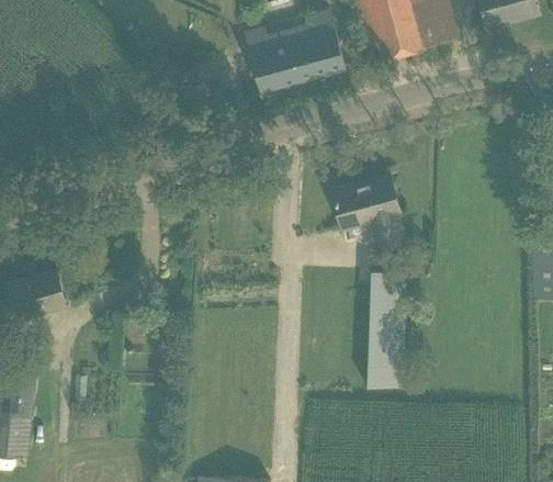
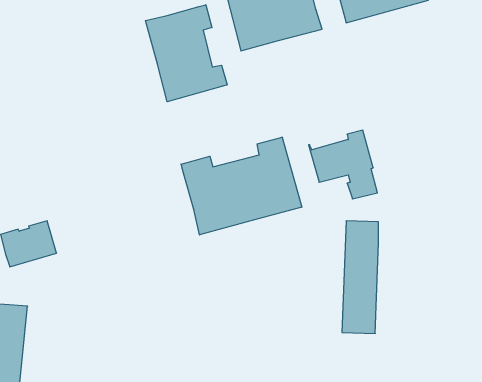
building: none -> [145,5,227,102]
building: none -> [181,137,302,235]

